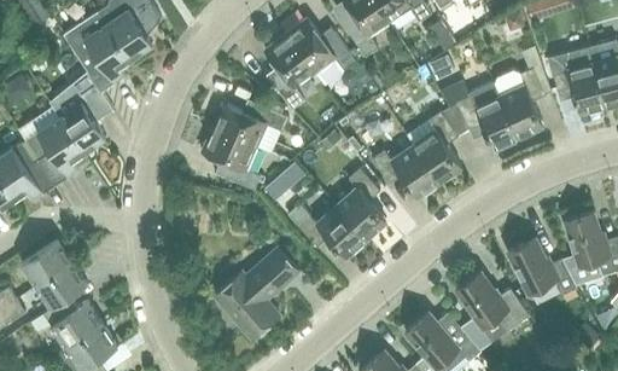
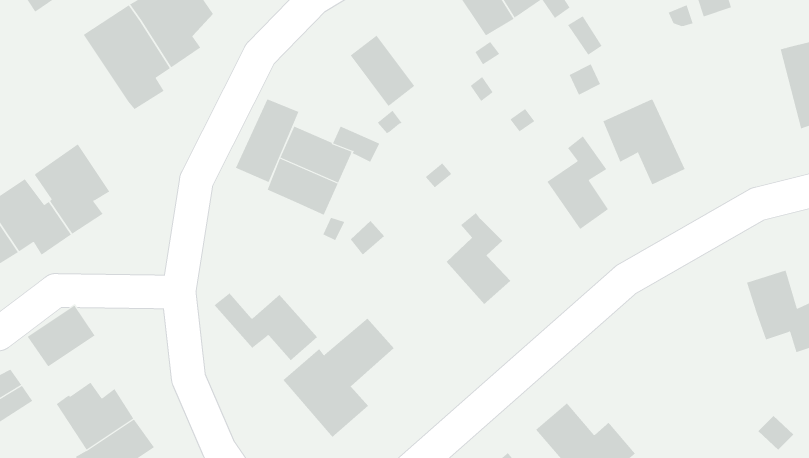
building: [285,18,356,73] -> none
building: [548,45,605,112] -> none
building: [494,66,546,135] -> none
building: none -> [235,98,299,183]
building: [59,85,113,152] -> none
building: [371,145,438,197] -> none
building: [287,204,366,256] -> [214,293,318,361]
building: [507,237,577,295] -> none
building: [36,261,87,307] -> none
building: [455,271,529,330] -> none

